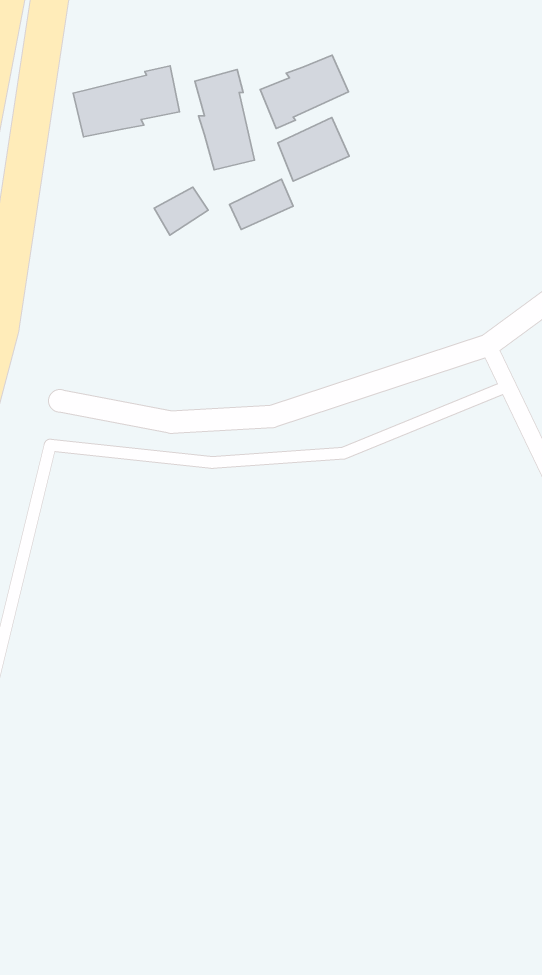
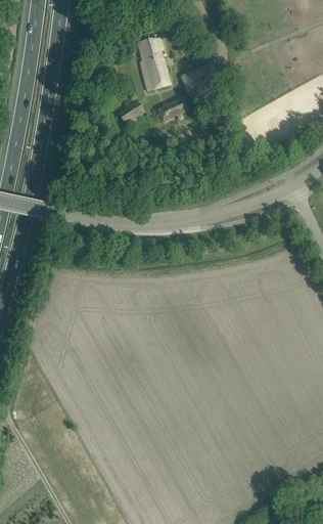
building: [260,55,348,129] -> none
building: [73,66,180,137] -> none

